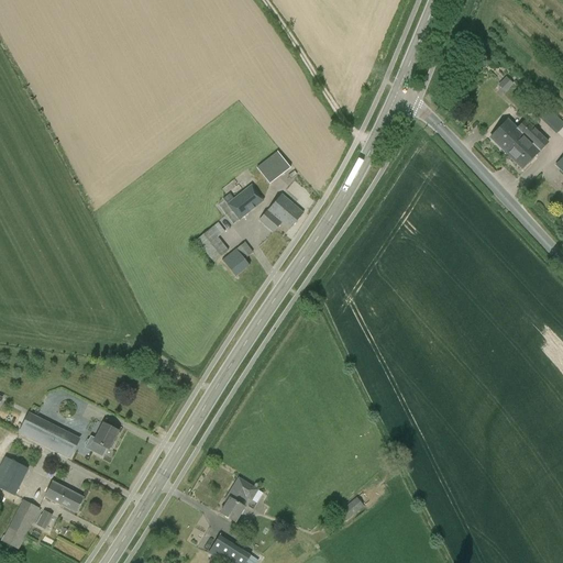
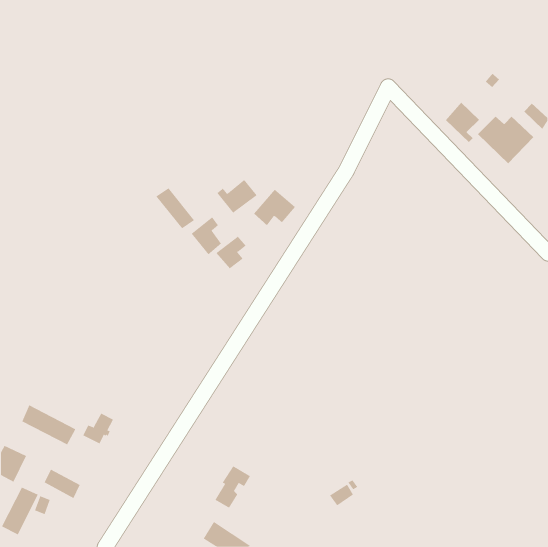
building: none -> [445,102,480,143]
building: [255,150,289,183] -> none
building: none -> [156,187,195,229]

